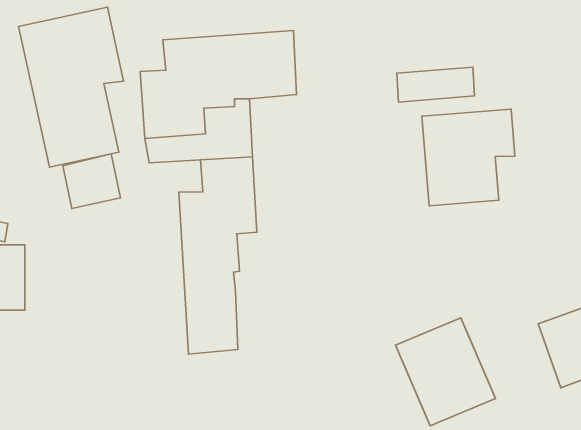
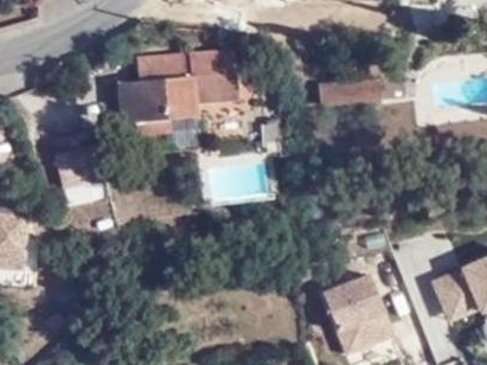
building: [19,7,124,167] -> none
building: [422,109,515,206] -> none
building: [179,157,257,354] -> none

